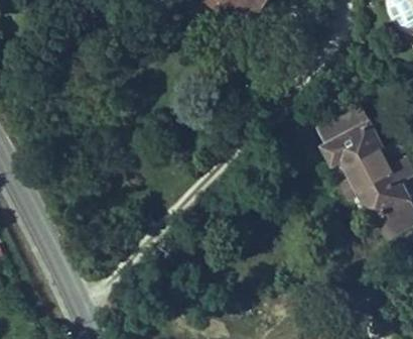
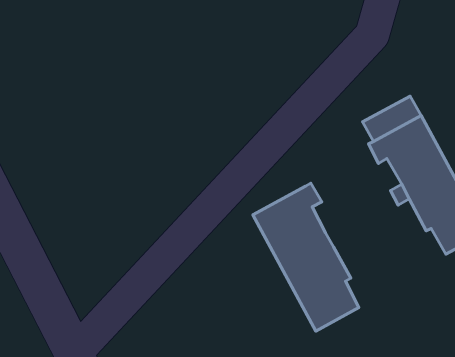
building: none -> [253,183,359,331]

